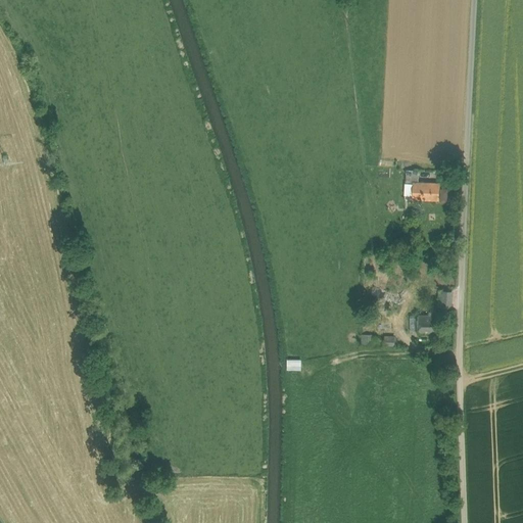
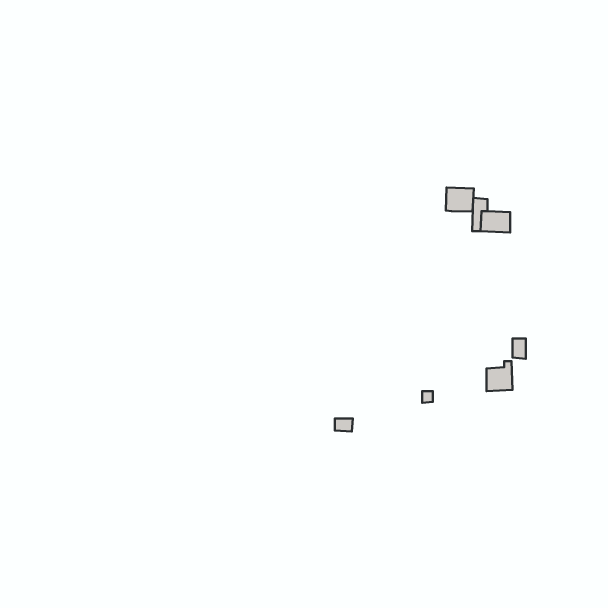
building: none -> [446,187,474,212]

